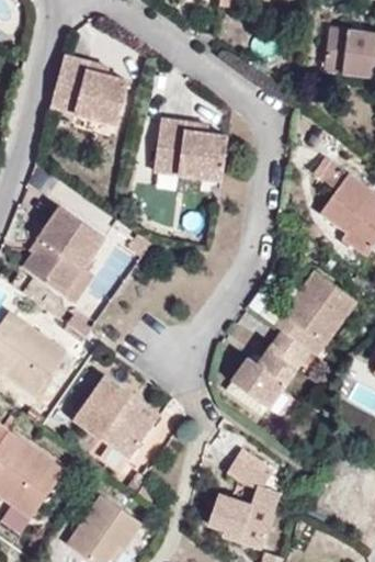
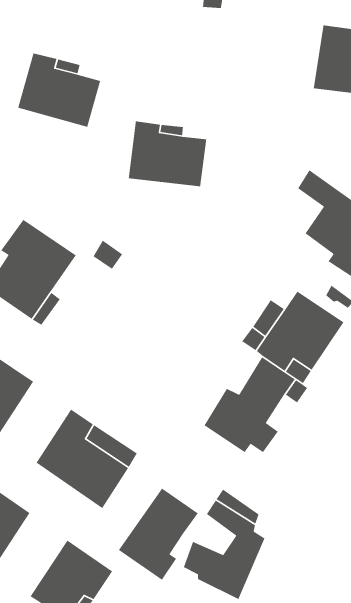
building: none -> [118,488,199,581]

